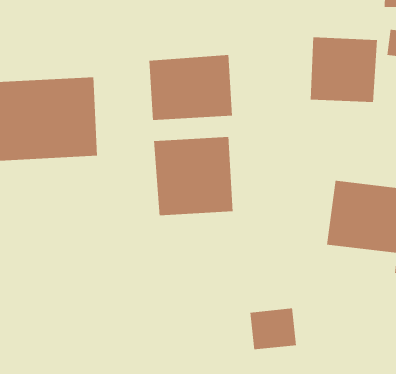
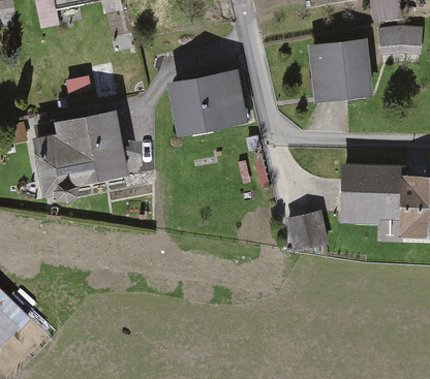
building: [154,136,233,216] -> none
building: [249,308,297,350] -> [283,210,328,250]

